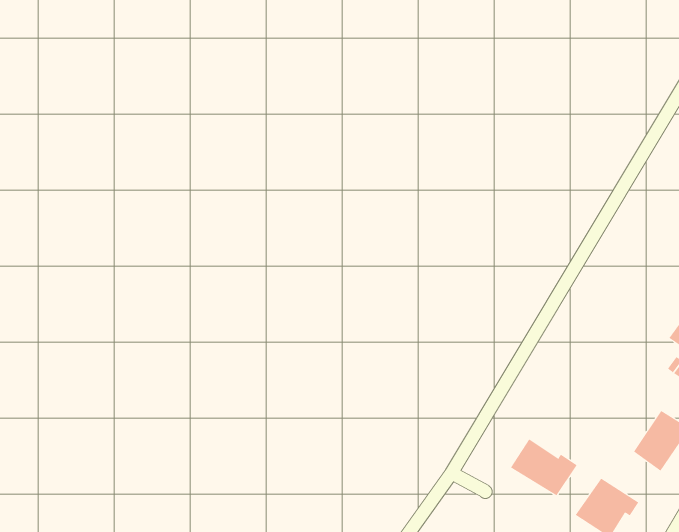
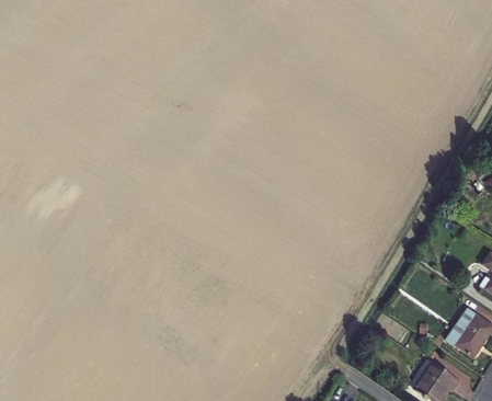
building: [510,438,577,496] -> none

